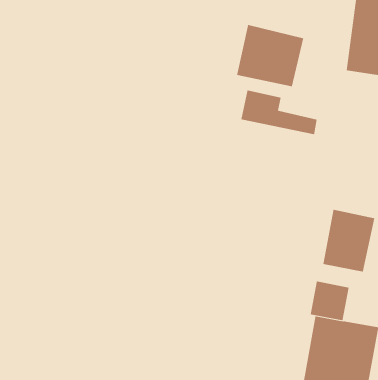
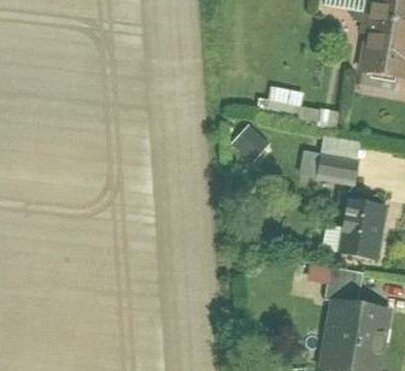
building: [237,24,304,87] -> none
building: none -> [233,123,271,161]
building: none -> [318,136,362,186]

